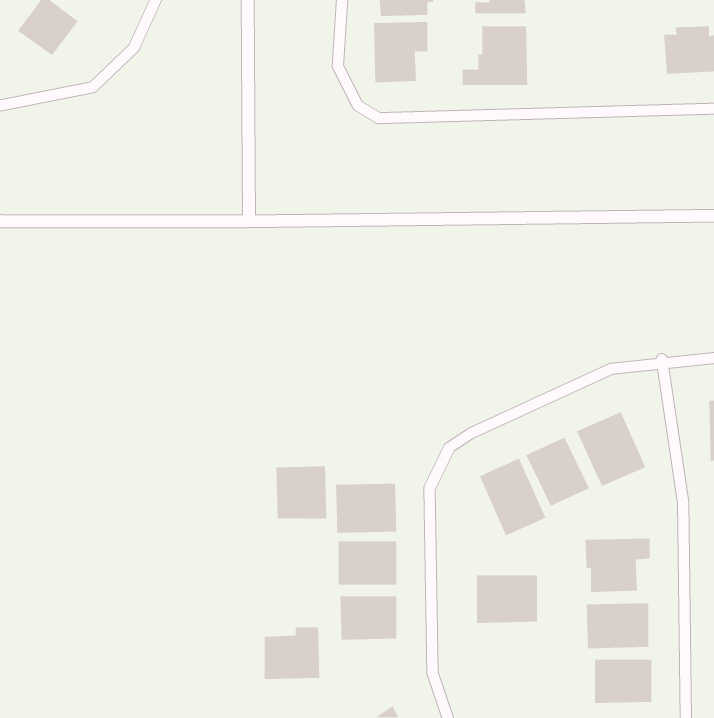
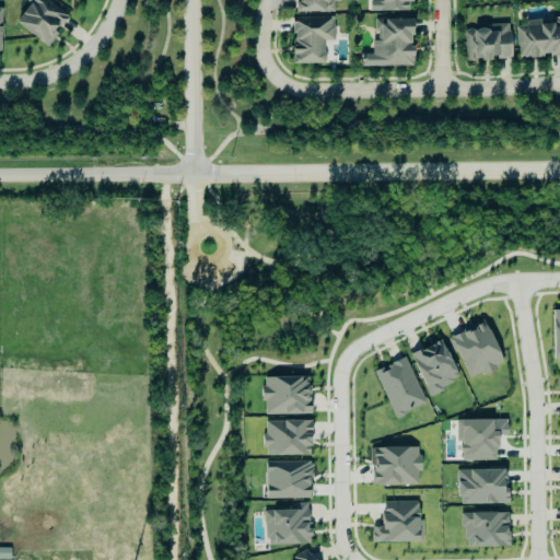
building: none -> [467,24,514,61]
building: [276,466,327,519] -> none
building: [264,626,320,680] -> [268,502,312,544]
building: none -> [374,500,421,542]

